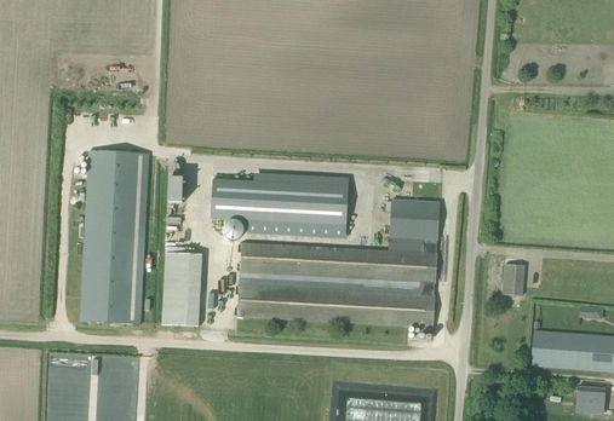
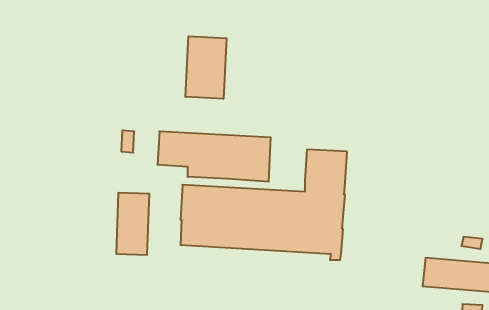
building: none -> [185,36,227,99]
building: [80,150,149,323] -> none
building: [503,264,526,295] -> none

